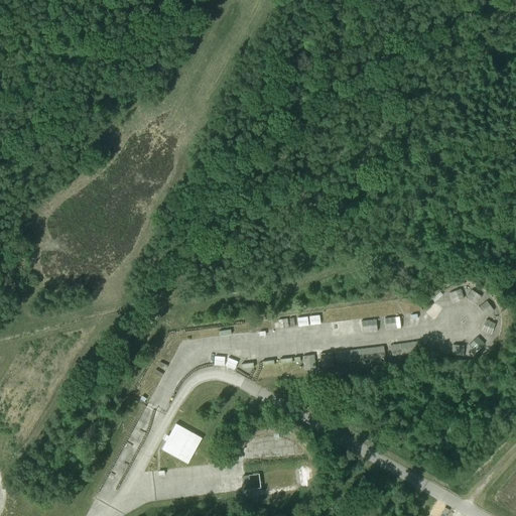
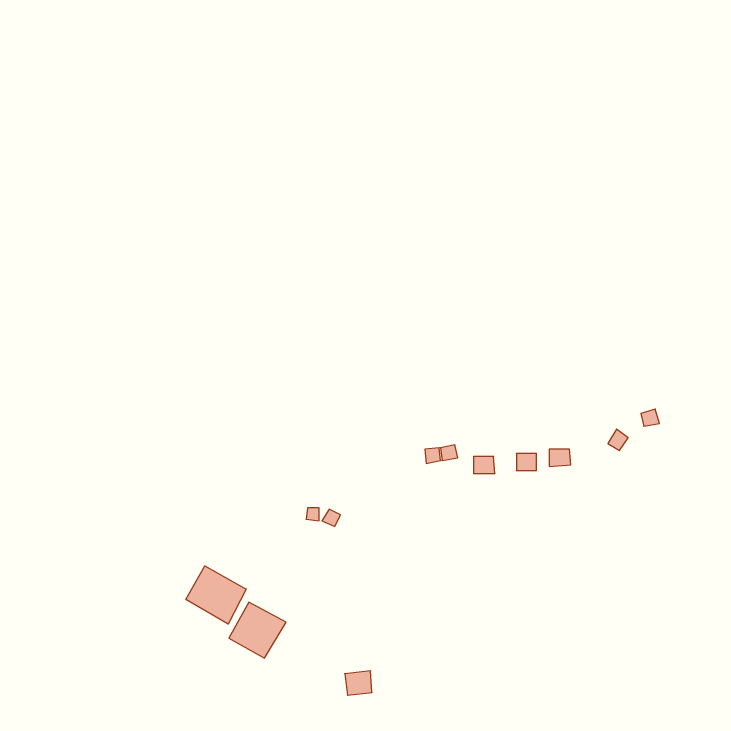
building: none -> [186,566,246,624]

